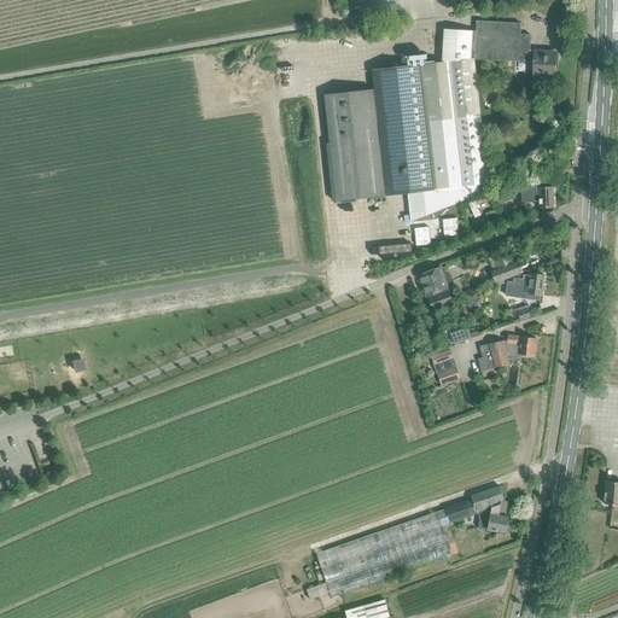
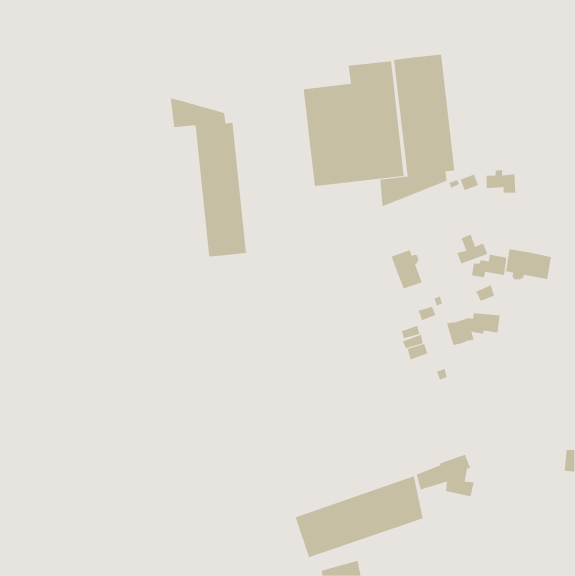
building: [438,21,554,82] -> none
building: none -> [170,97,247,257]
building: none -> [505,248,551,280]

